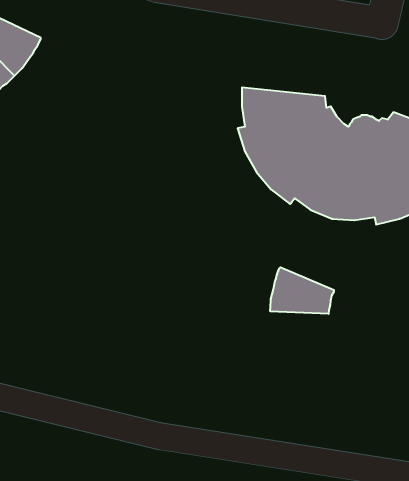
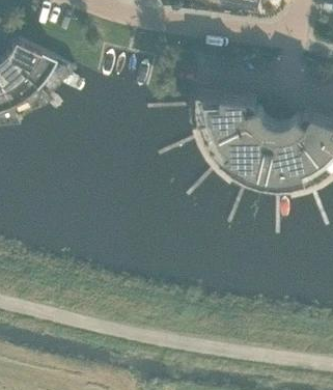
building: [270,267,334,314] -> none

